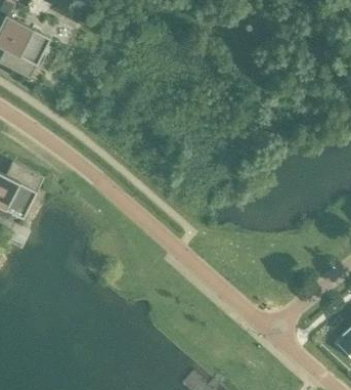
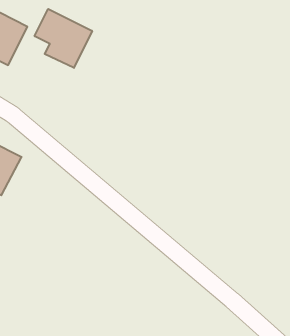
building: none -> [35,9,92,68]

